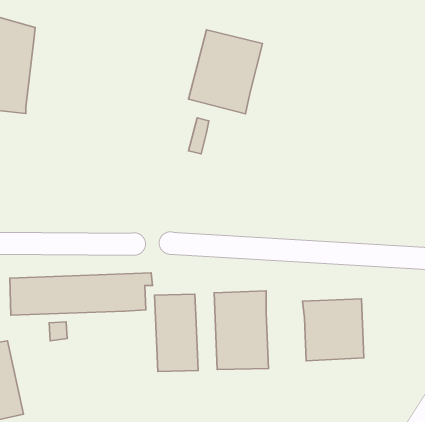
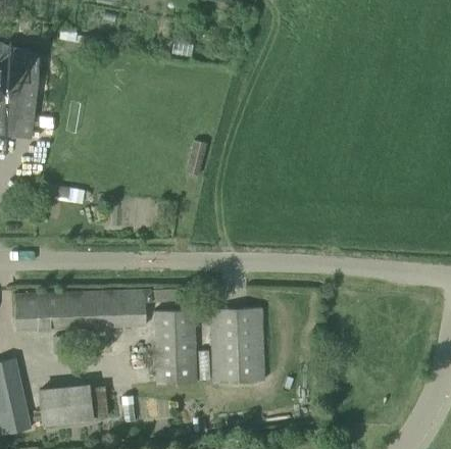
building: [188,30,263,114] -> none
building: [303,299,364,361] -> none
building: none -> [38,383,109,426]

